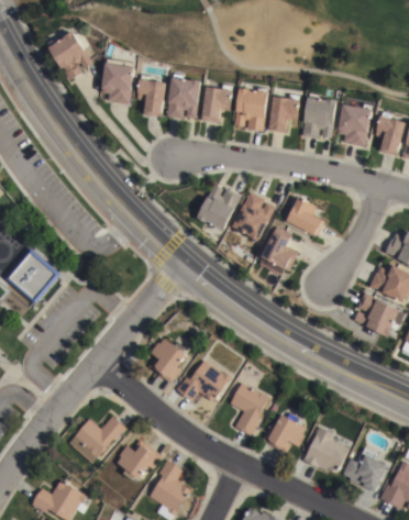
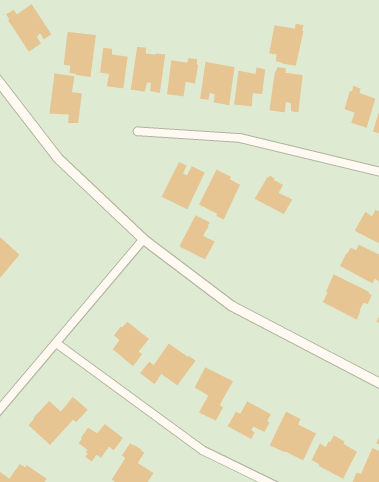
building: none -> [48,73,83,124]
building: [336,104,372,146] -> [268,23,304,66]
building: [262,228,298,273] -> [178,214,216,261]

